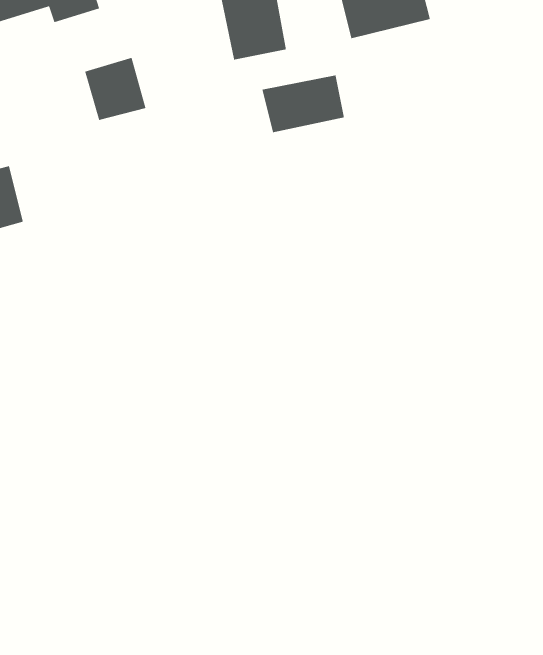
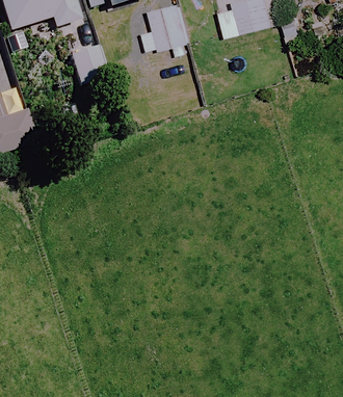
building: [262,74,345,133] -> none

